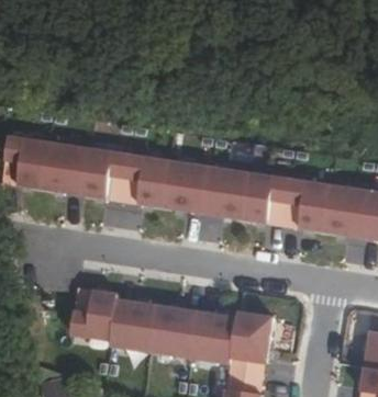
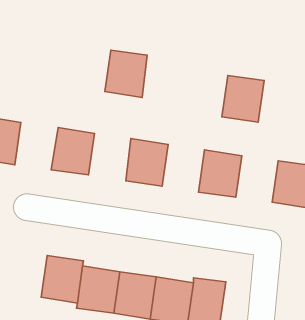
building: [43,144,90,195] -> none
building: [123,156,169,207] -> [105,50,147,97]
building: [203,168,249,219] -> none
building: [284,180,330,230] -> [222,76,264,122]

